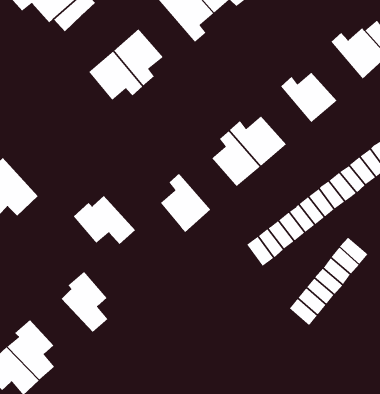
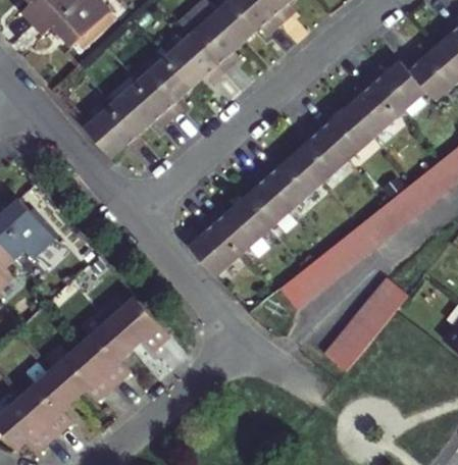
building: none -> [163,38,222,91]
building: none -> [345,74,399,137]
building: none -> [83,106,142,159]
building: none -> [292,121,345,183]
building: none -> [206,197,266,251]
building: [73,195,136,245] -> [106,293,172,345]
building: none -> [49,345,115,397]

